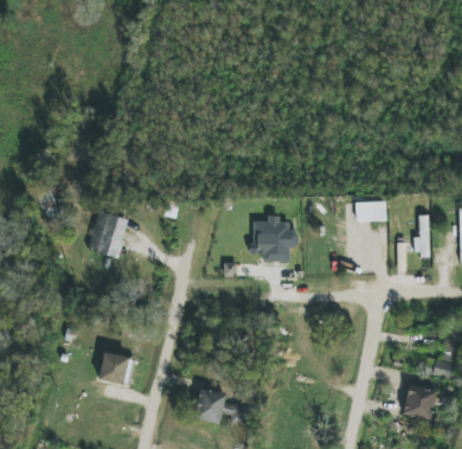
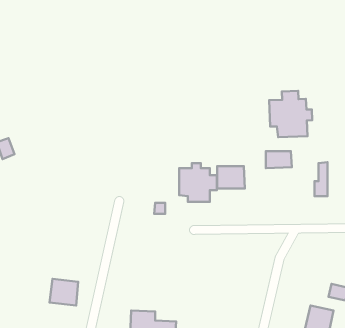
building: none -> [269,91,312,137]
building: [89,212,129,258] -> none
building: none -> [217,166,245,189]

